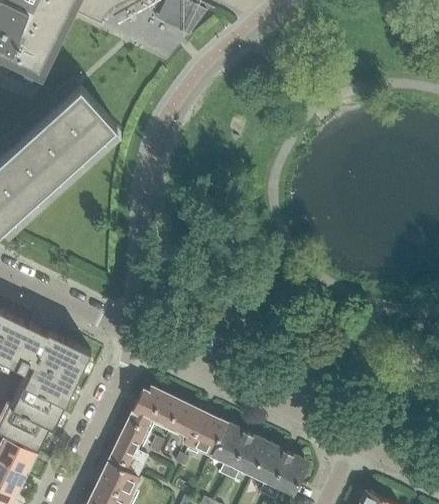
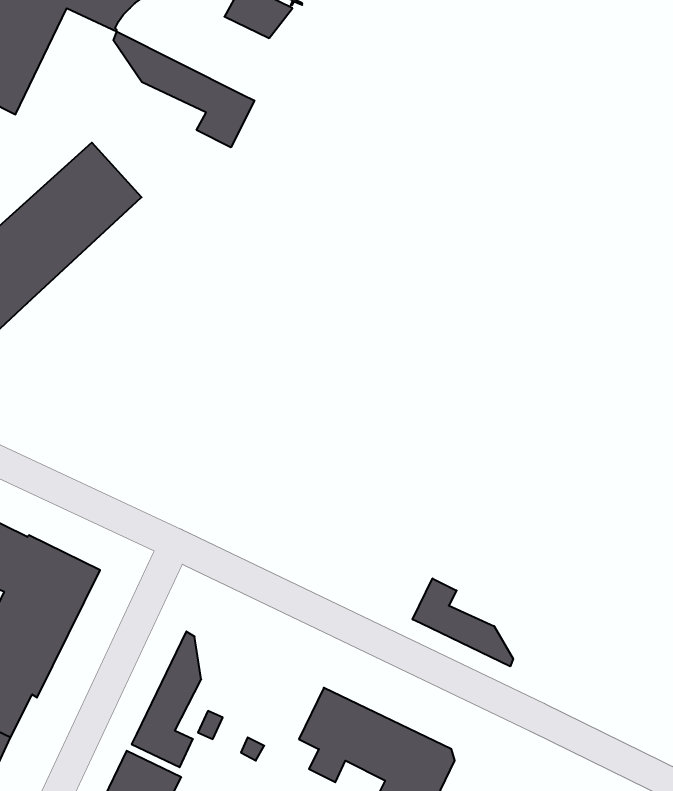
building: none -> [113,31,254,147]
building: none -> [413,578,513,666]
building: [147,388,226,456] -> none

